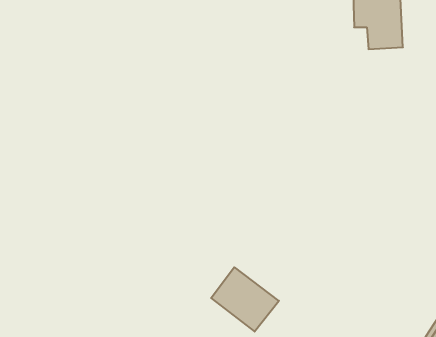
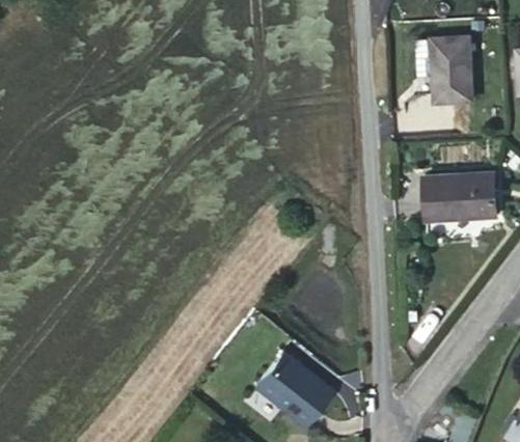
building: none -> [426,172,500,221]

